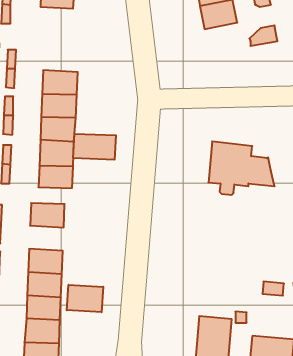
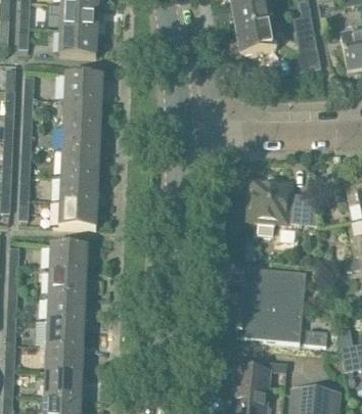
building: none -> [59,27,96,53]
building: none -> [63,70,102,98]
building: [73,134,116,160] -> none
building: none -> [236,265,305,340]
building: none -> [48,266,86,293]
building: [67,285,103,312] -> none

